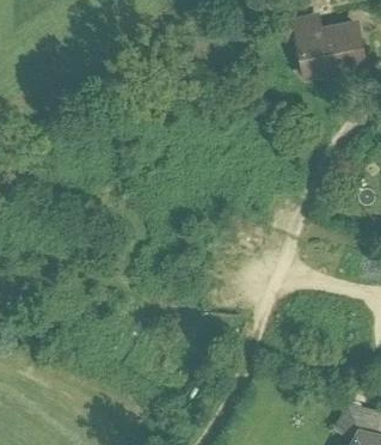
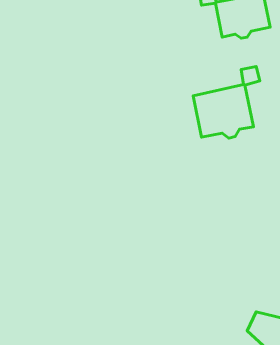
building: none -> [193,67,260,138]

